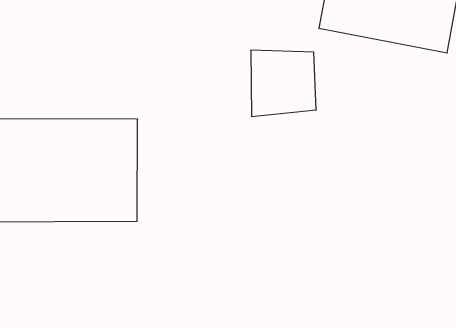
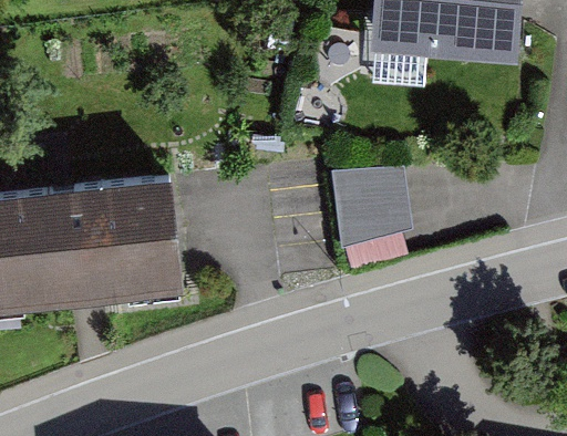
building: [251,50,316,116] -> [330,164,412,245]

